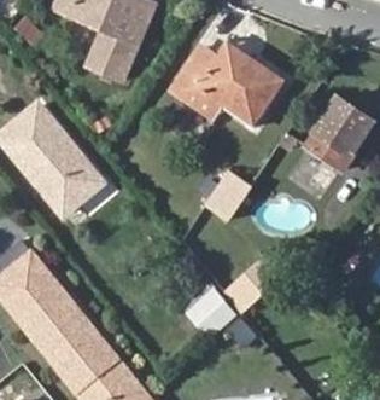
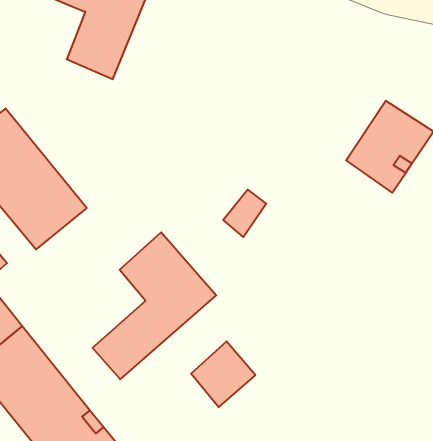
building: [169,42,283,126] -> none
building: none -> [93,232,216,379]

